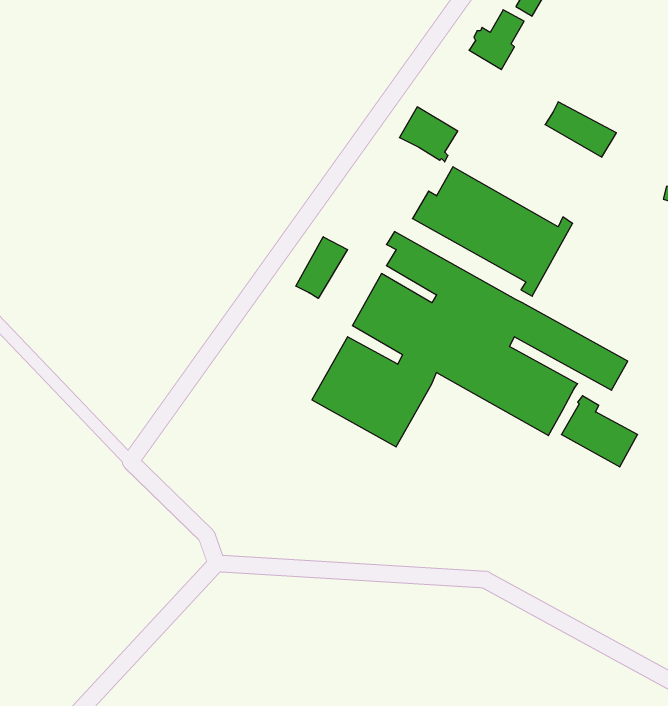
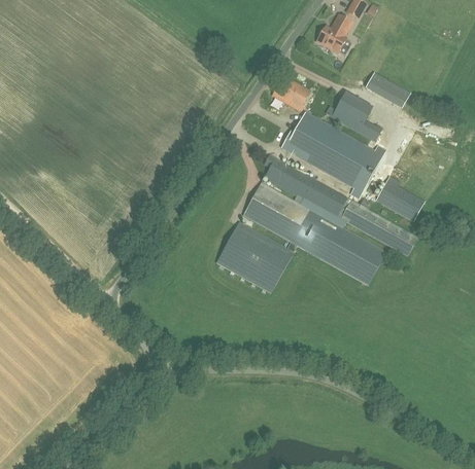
building: none -> [331,91,383,142]
building: [296,237,348,298] -> none
building: [561,396,638,467] -> [376,176,425,221]

